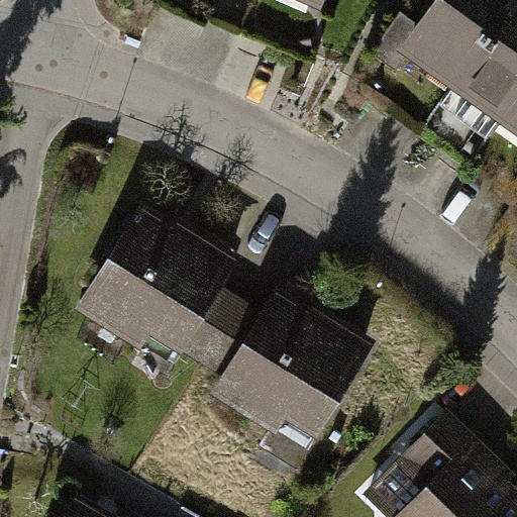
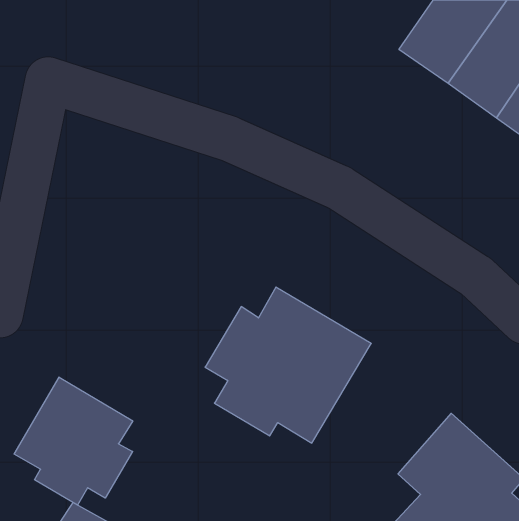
building: [74,208,242,365] -> none
building: none -> [14,377,133,505]

